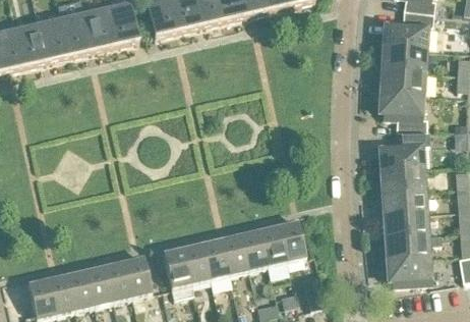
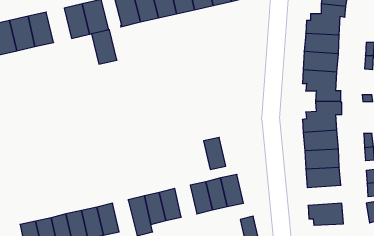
building: [61,15,93,58] -> [91,30,117,64]
building: [386,234,442,261] -> none
building: [221,235,248,275] -> [204,137,226,169]

